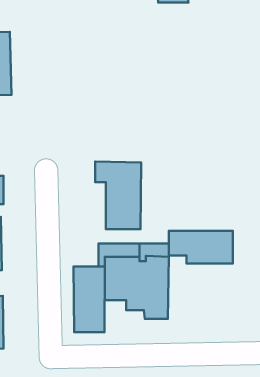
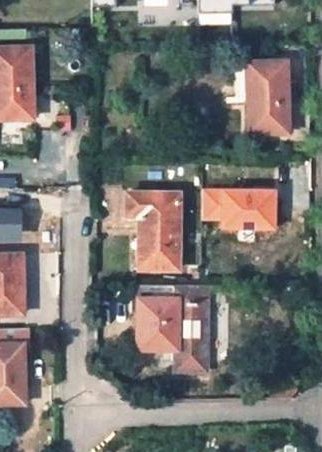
building: none -> [247,62,286,134]
building: [169,231,233,264] -> [202,190,274,227]
building: [74,267,105,332] -> none

